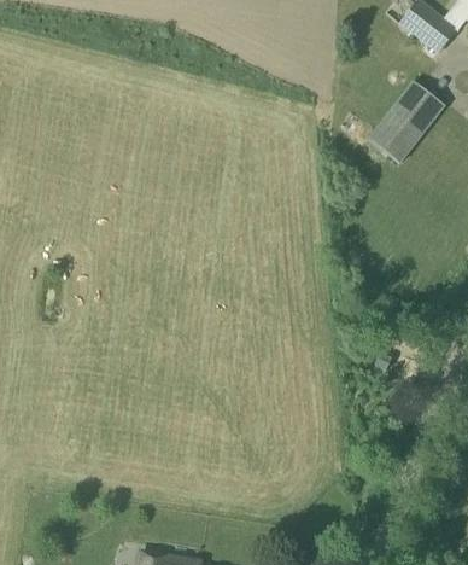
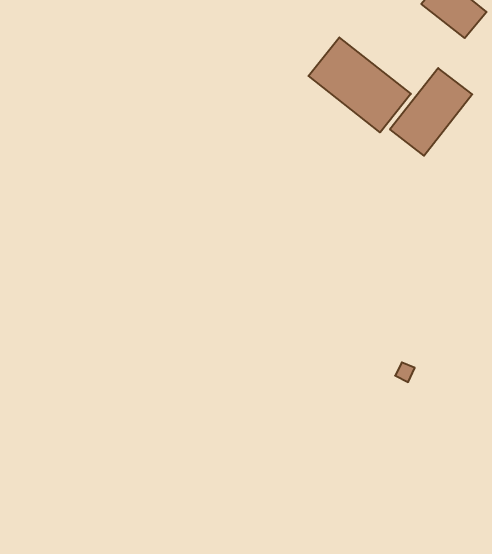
building: none -> [308,37,411,132]

